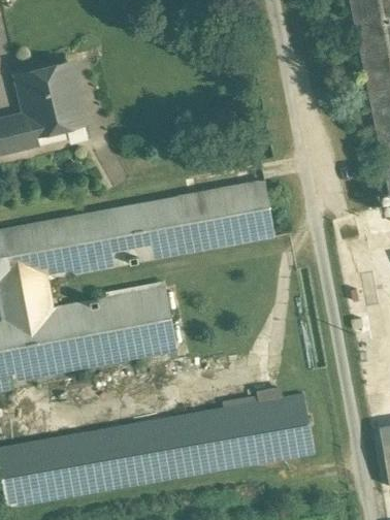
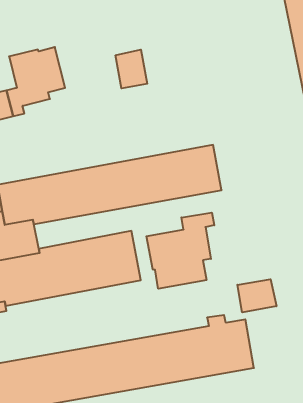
building: none -> [116,50,147,88]
building: none -> [146,213,214,289]
building: none -> [237,279,276,312]

